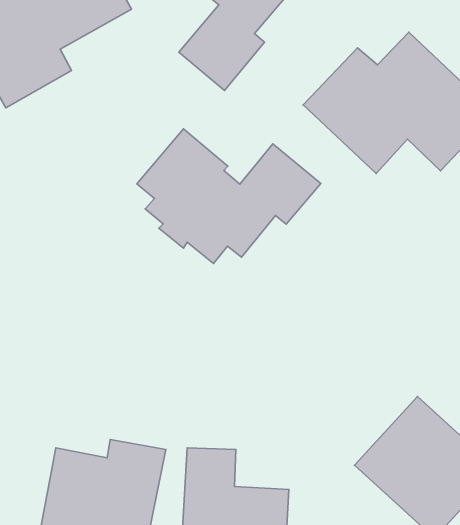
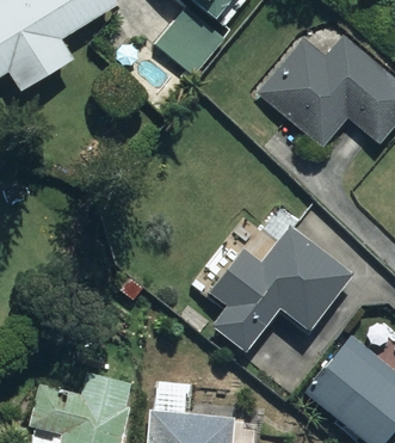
building: [137,129,321,263] -> none
building: none -> [204,222,353,352]

